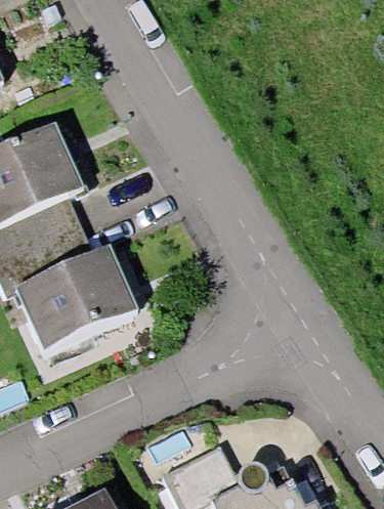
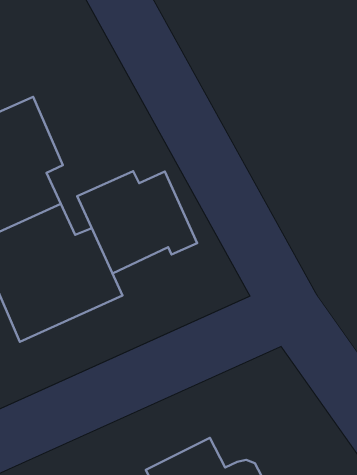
building: none -> [77,171,197,273]

